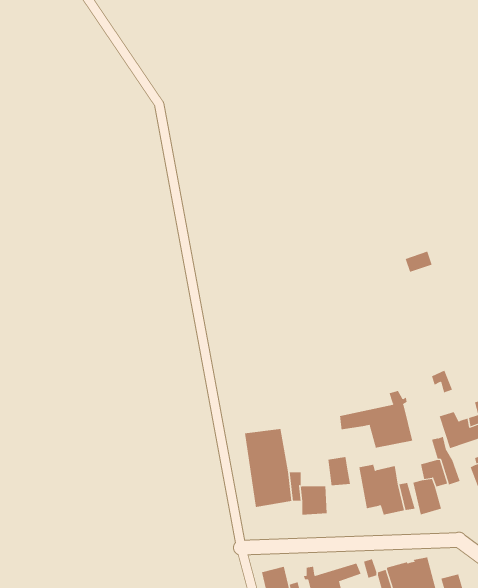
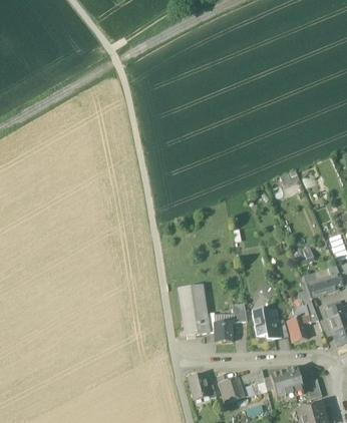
building: [340,390,413,449] -> none

